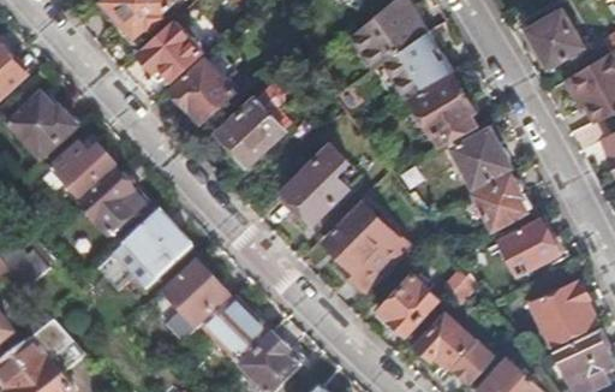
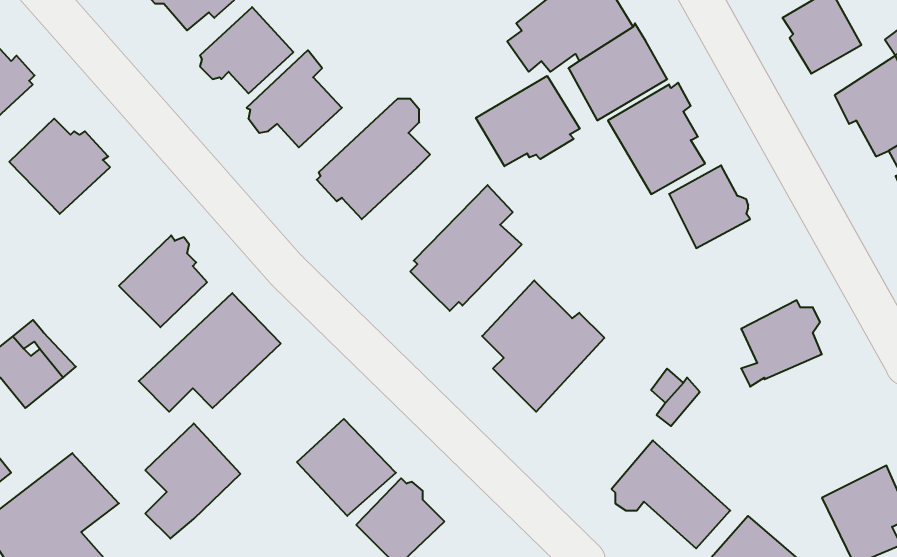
building: none -> [476,76,580,166]
building: [43,145,115,198] -> none
building: [473,174,524,225] -> none
building: [166,263,229,340] -> [145,423,240,539]
building: [375,274,435,335] -> none
building: [529,281,589,340] -> none

